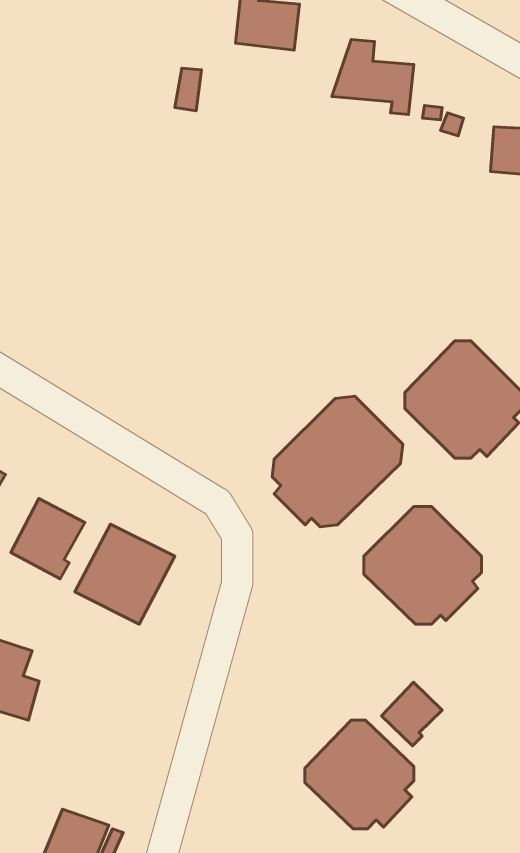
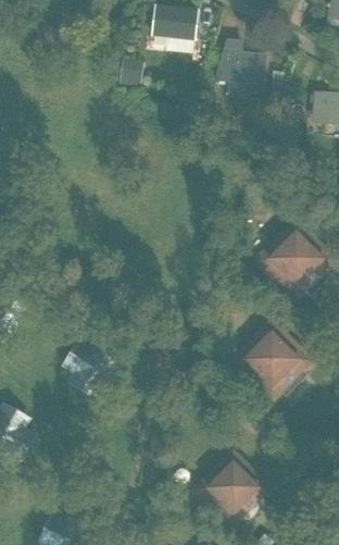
building: [272,396,403,527] -> none
building: [11,498,85,579] -> none
building: [382,682,442,746] -> none

